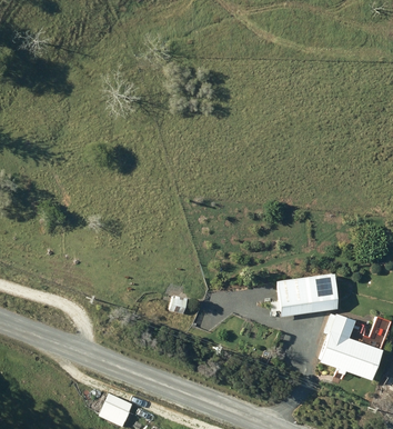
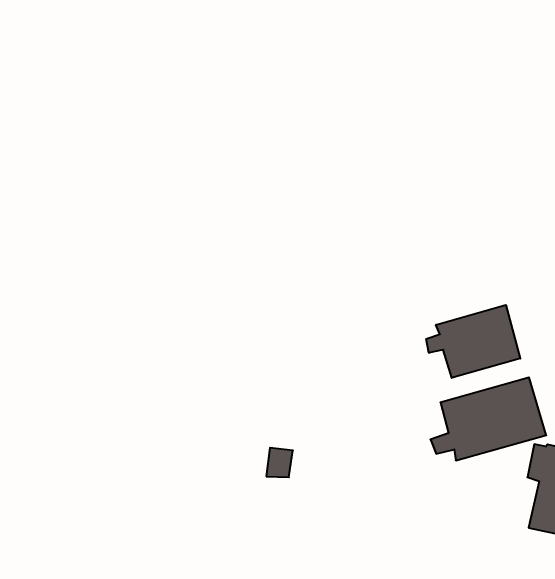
building: none -> [426,305,520,378]

